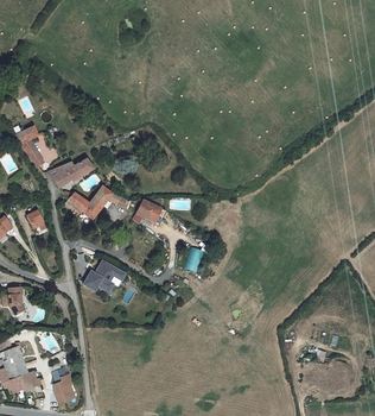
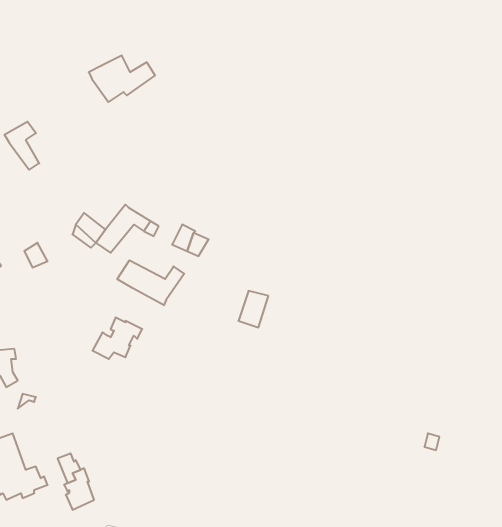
building: [46,153,94,187] -> [89,56,155,102]
building: none -> [117,260,184,305]

